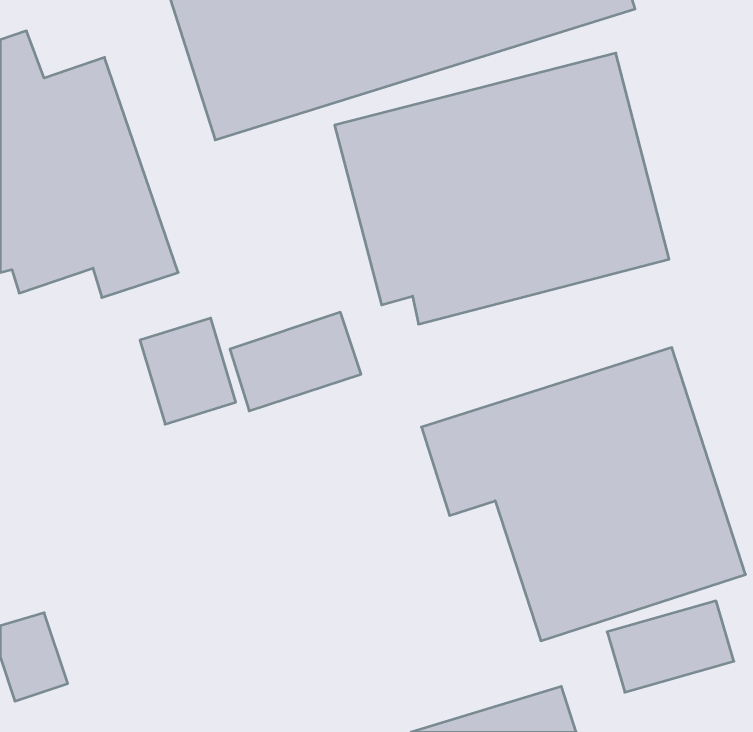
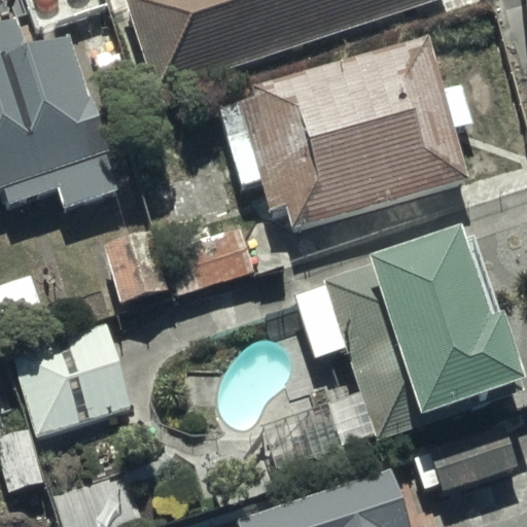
building: none -> [14,319,134,433]

